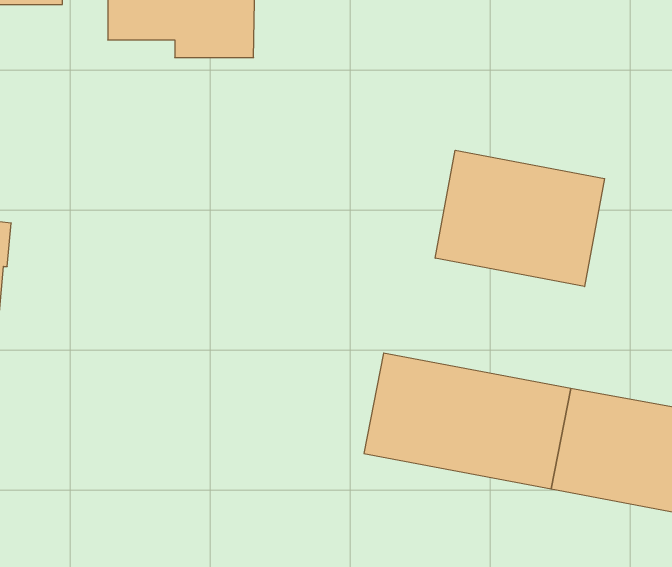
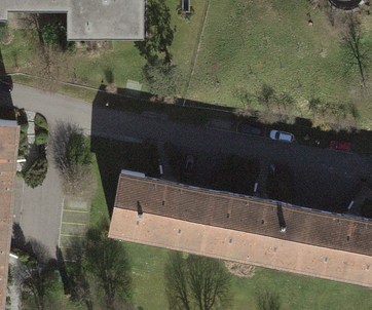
building: [435,150,605,287] -> none
building: none -> [111,170,212,244]

